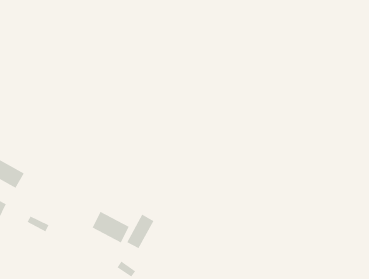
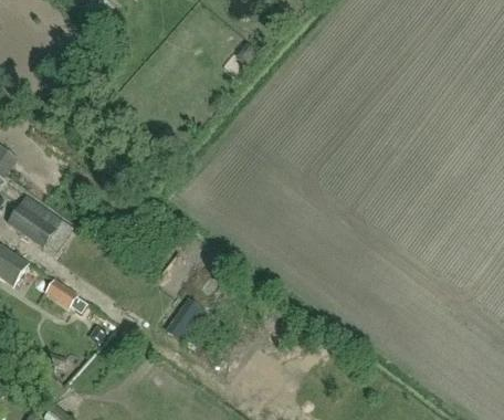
building: [92,211,130,243] -> none

